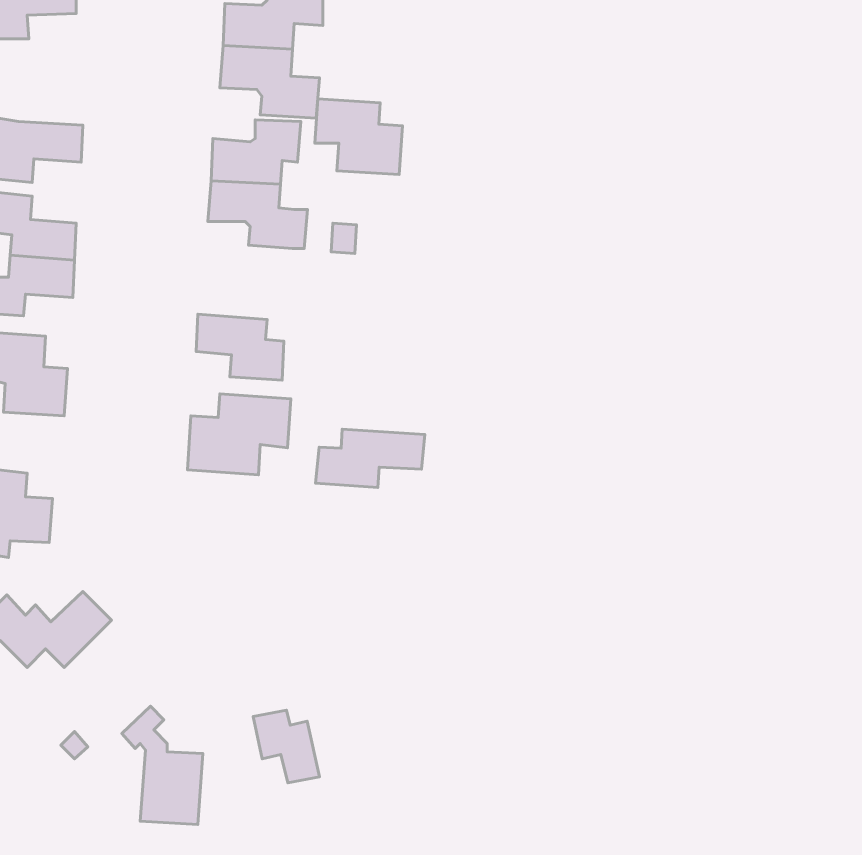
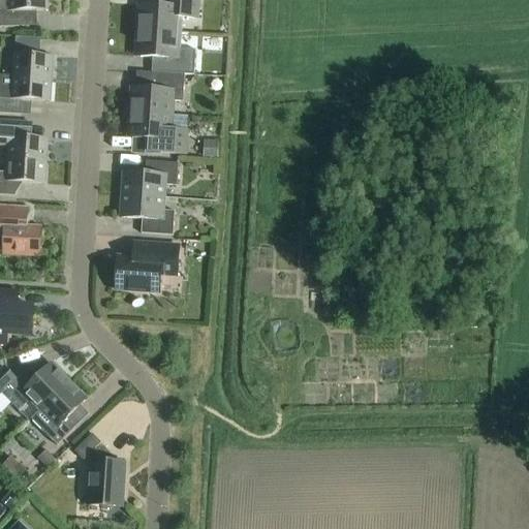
building: none -> [11,51,52,76]
building: [315,99,402,175] -> none
building: none -> [121,158,177,195]
building: [315,429,425,488] -> none
building: none -> [39,379,86,443]
building: [253,710,320,783] -> none

